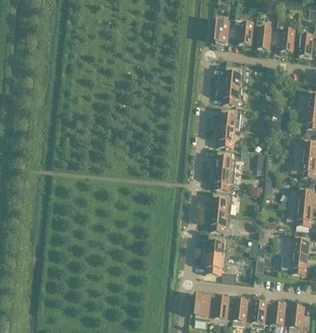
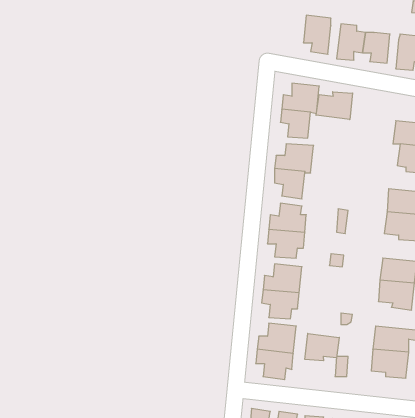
building: [215,16,236,43] -> none
building: none -> [316,92,353,120]
building: none -> [305,333,339,361]

